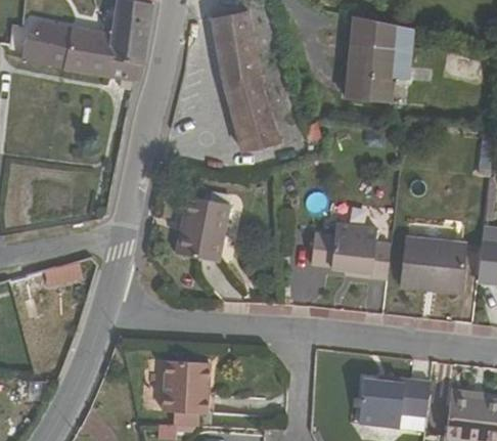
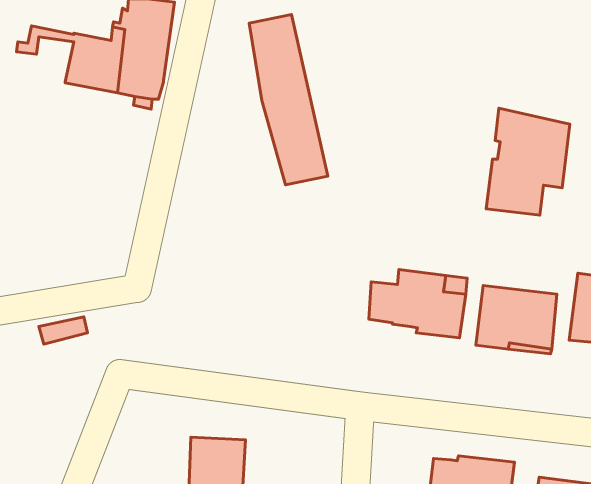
building: [355,12,423,100] -> [486,108,570,215]
building: [18,31,69,68] -> none
building: [175,196,229,262] -> none

